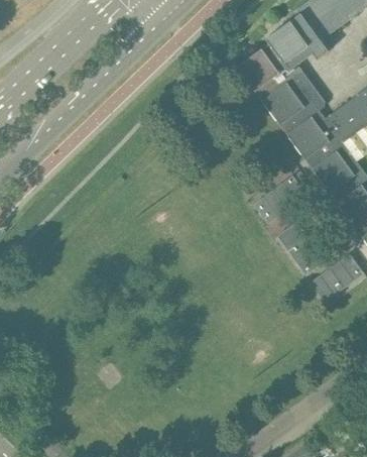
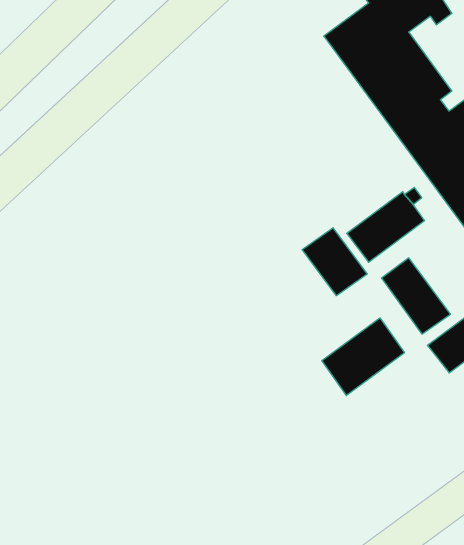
building: none -> [302,228,367,296]
building: none -> [322,318,404,396]

